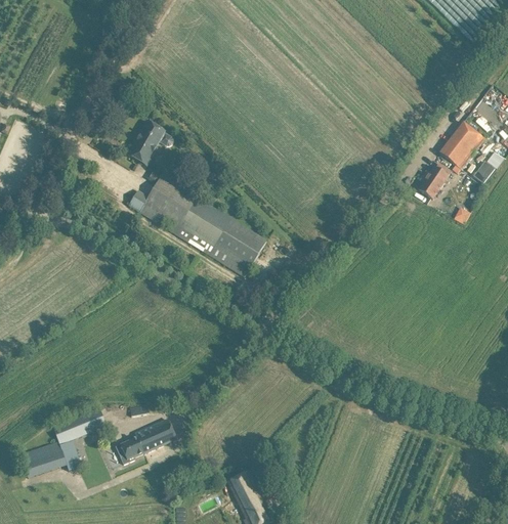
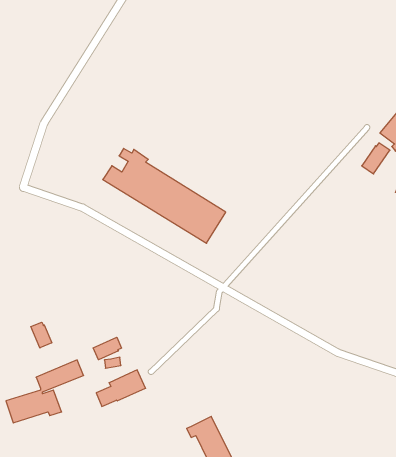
building: [130,120,173,163] -> none
building: none -> [31,322,52,348]
building: none -> [93,337,121,360]

